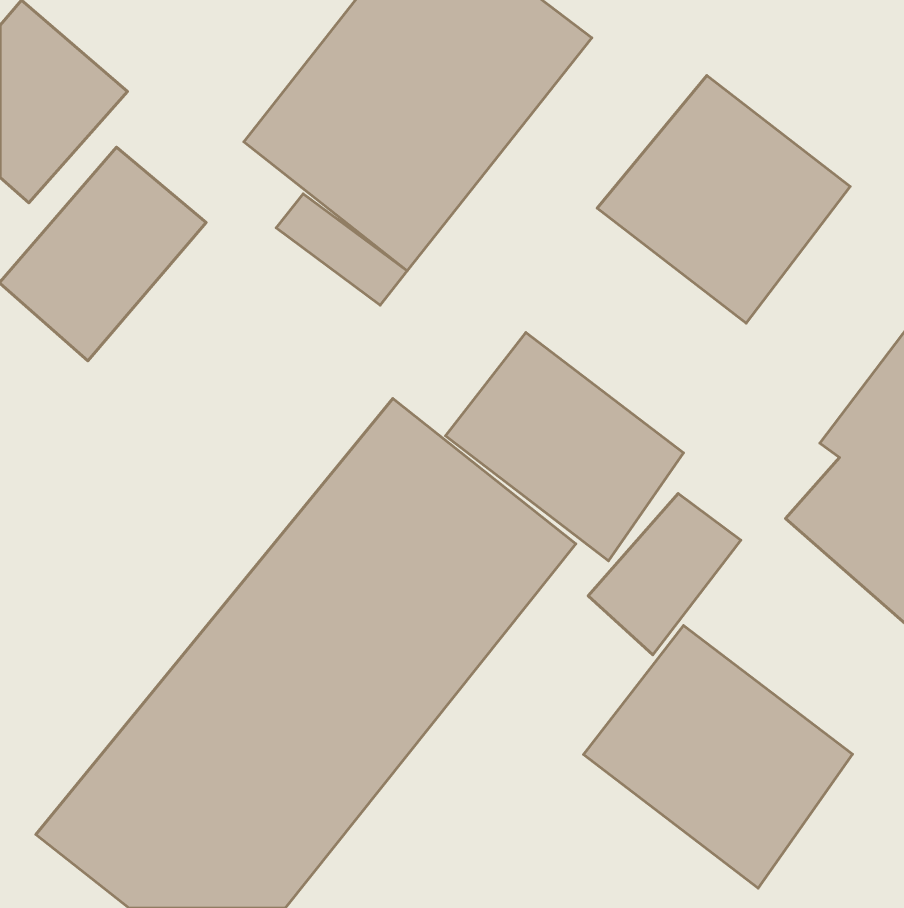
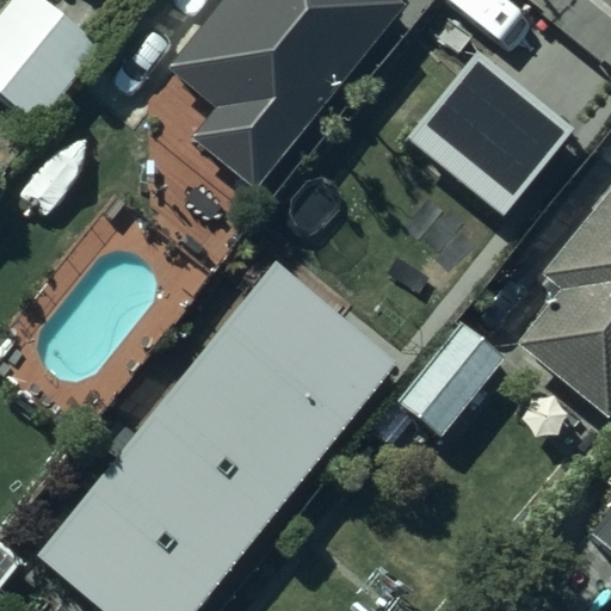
building: [445,332,683,561] -> none
building: [584,625,853,888] -> none

